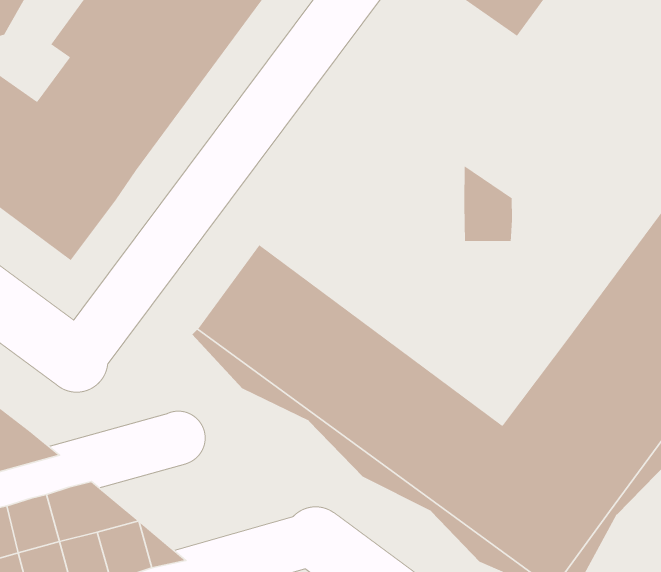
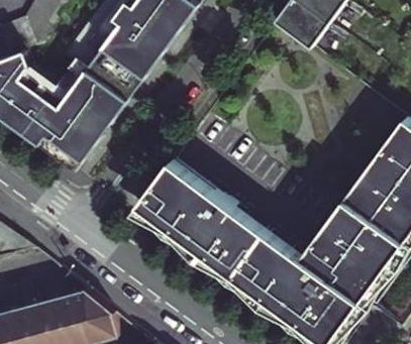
building: [463,165,513,242] -> none

